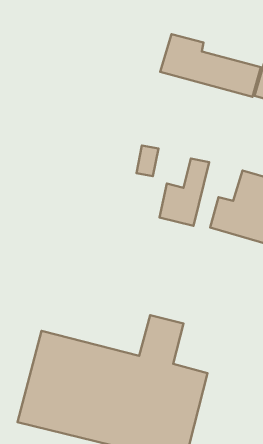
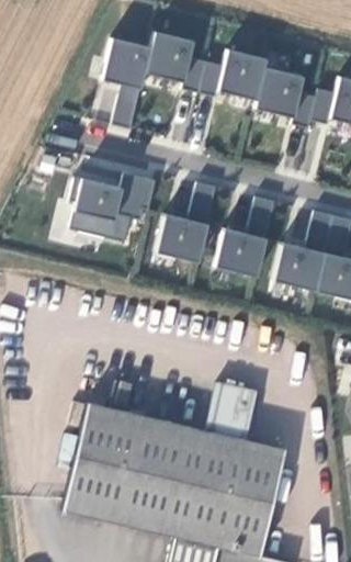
building: none -> [93,31,224,138]
building: none -> [69,156,159,243]
building: none -> [160,215,210,261]

